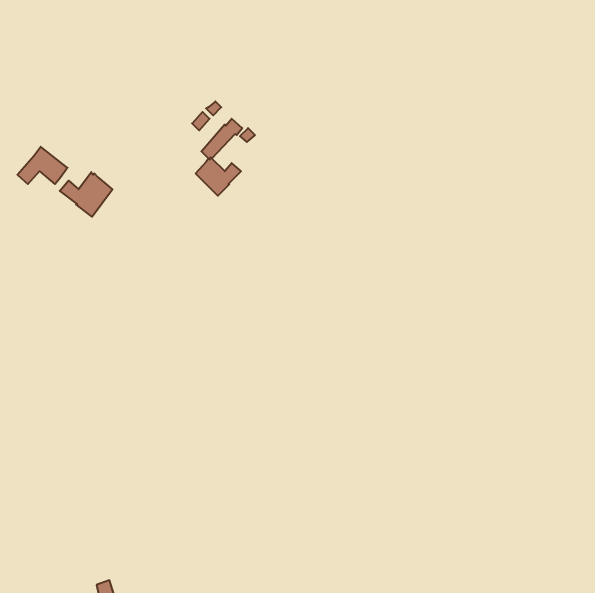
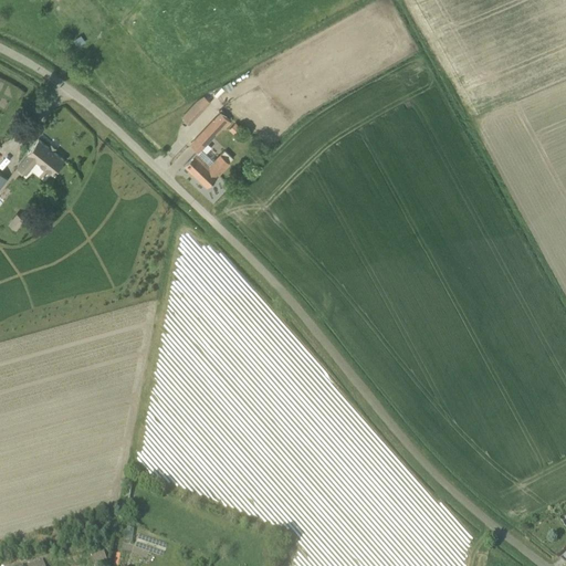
building: [60,172,112,217] -> none

